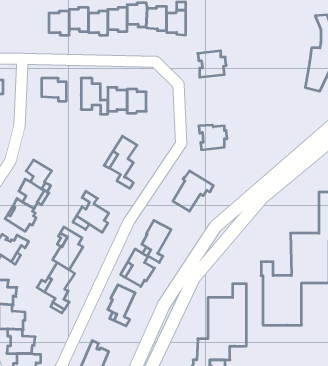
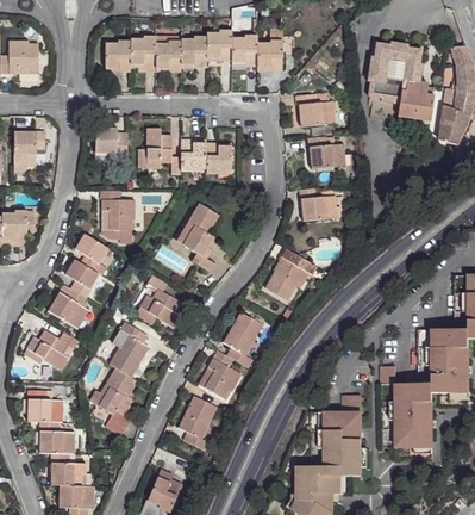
building: none -> [367,41,433,122]
building: none -> [308,136,345,169]
building: none -> [100,191,135,242]

